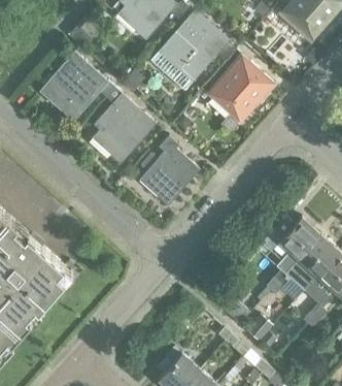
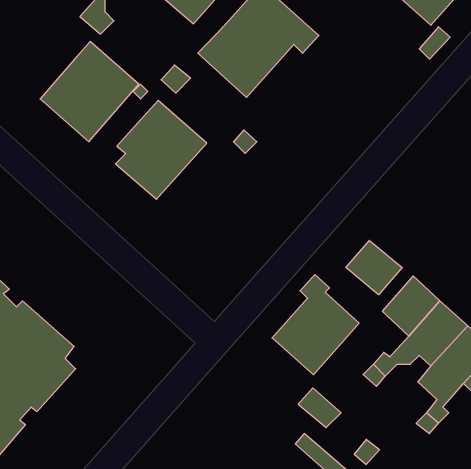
building: [205,54,275,124] -> none
building: [138,135,199,205] -> [272,275,359,375]
building: none -> [346,240,402,295]

